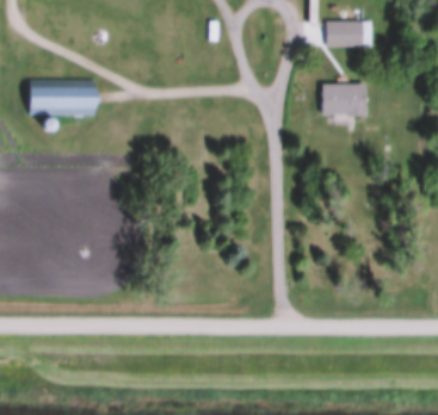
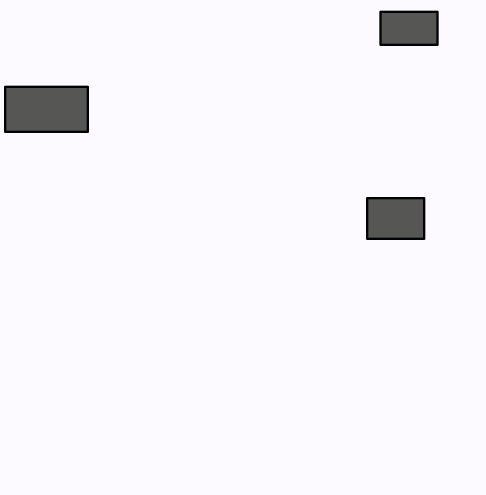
building: [322,86,368,118] -> [367,198,424,239]

